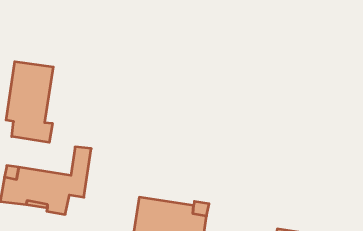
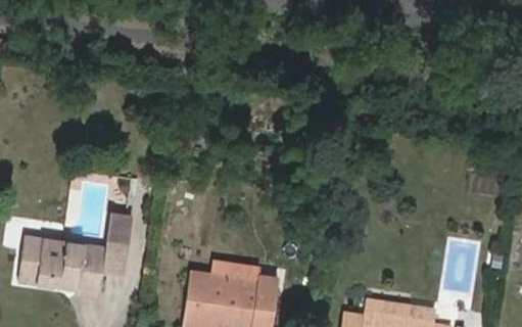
building: [6,62,53,142] -> none

